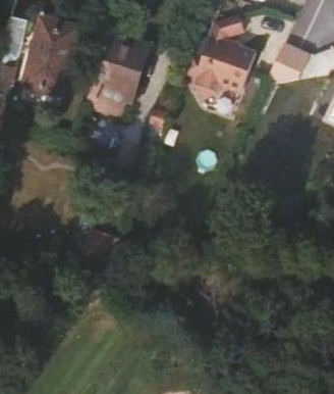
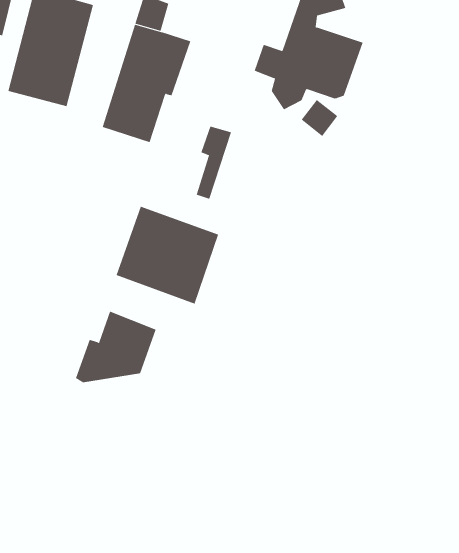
building: [268,42,310,81] -> none
building: none -> [116,206,219,304]

